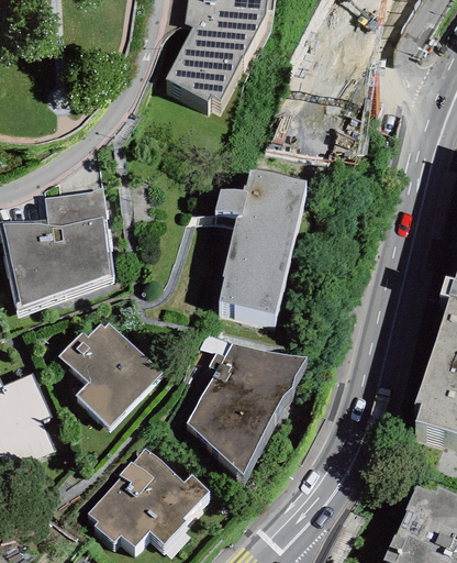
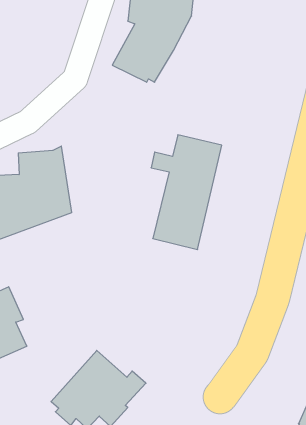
building: [58,321,159,423] -> none
building: [187,344,306,474] -> none

